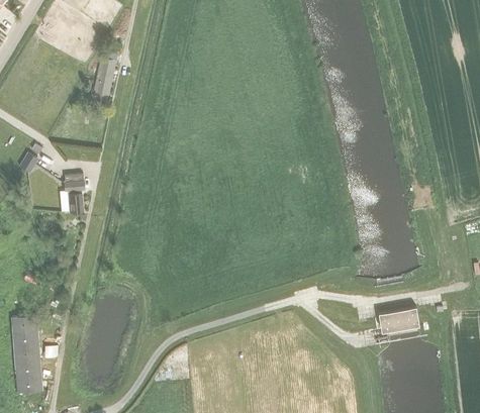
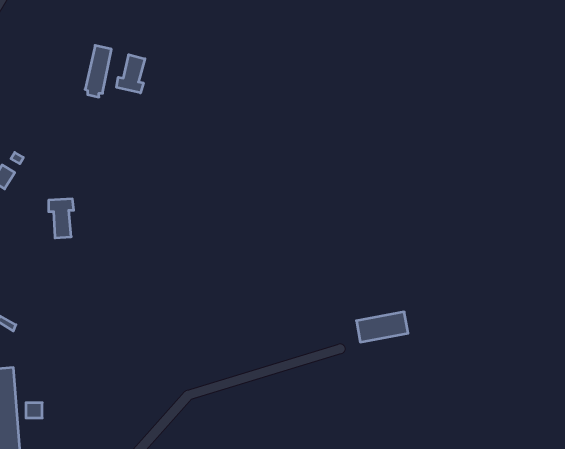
building: none -> [117,55,145,93]
building: [377,306,418,330] -> [356,312,408,342]

